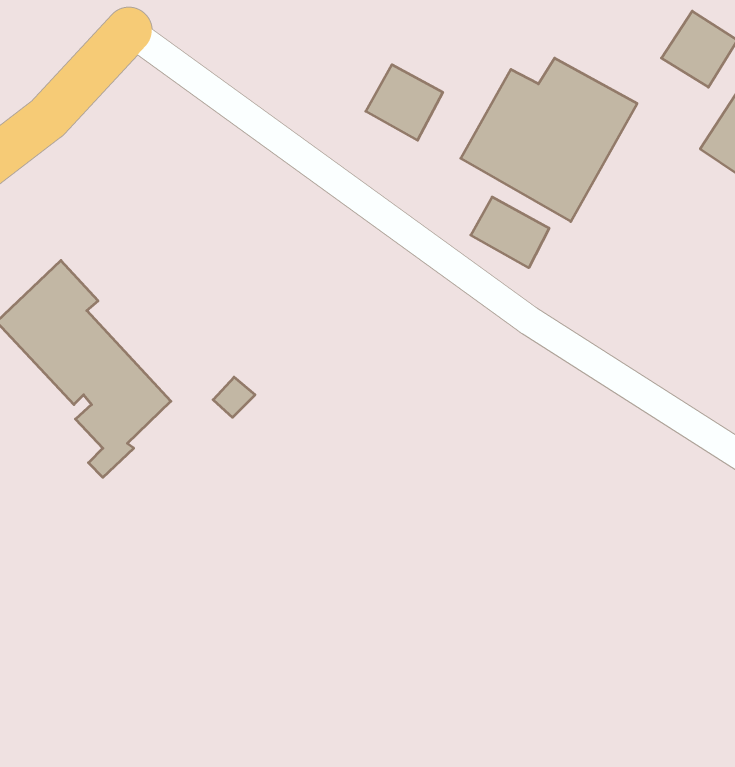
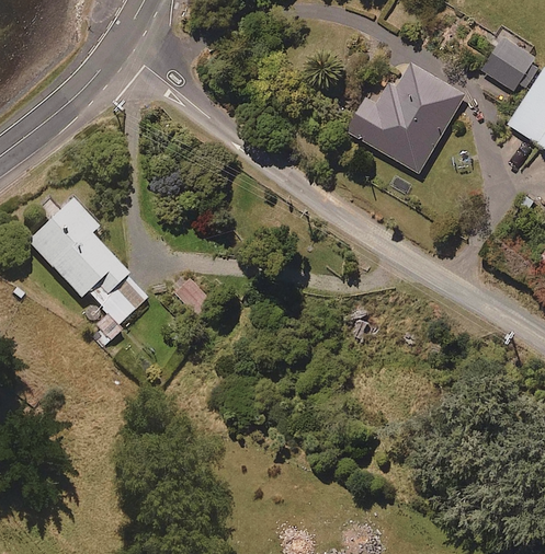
building: [366,65,443,140] -> none
building: [471,197,549,268] -> none

